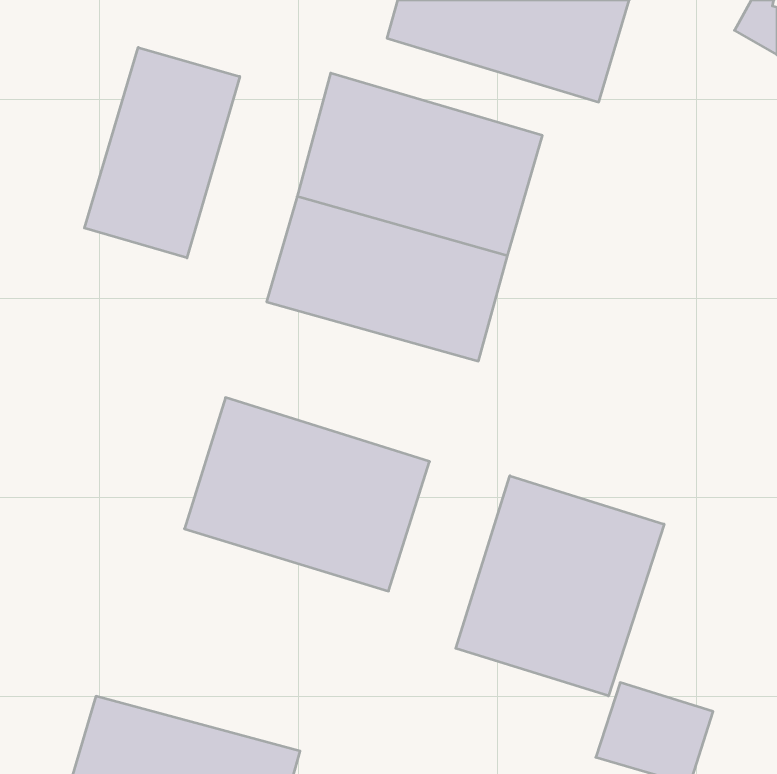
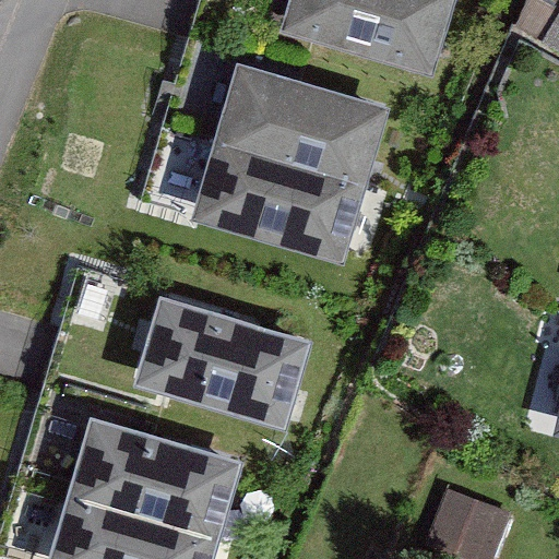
building: [84,47,240,258] -> none
building: [456,476,664,696] -> none
building: none -> [69,421,237,542]

